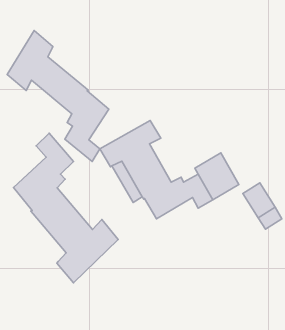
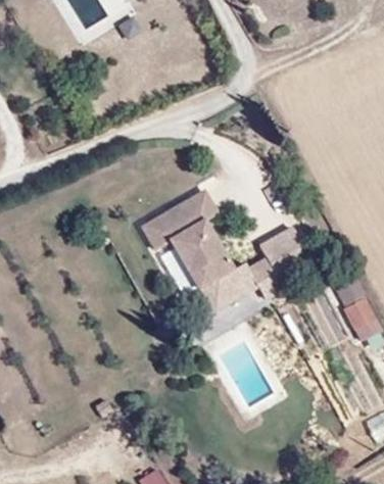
building: [7,31,109,162] -> none
building: [13,133,118,283] -> none

